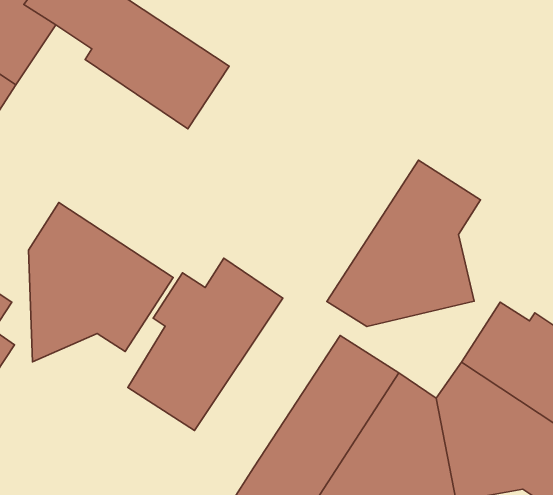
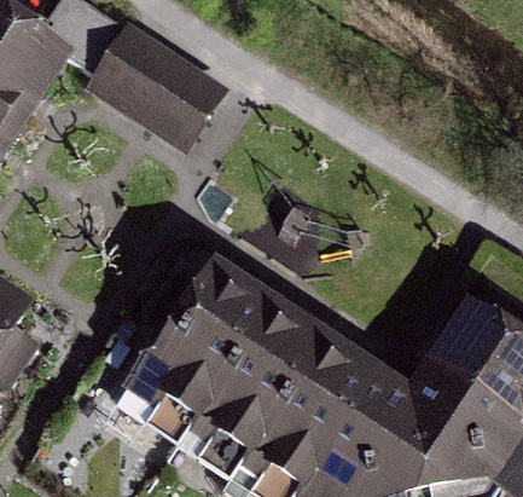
building: [327,160,480,326] -> none
building: [28,202,173,362] -> none
building: none -> [192,302,324,456]

